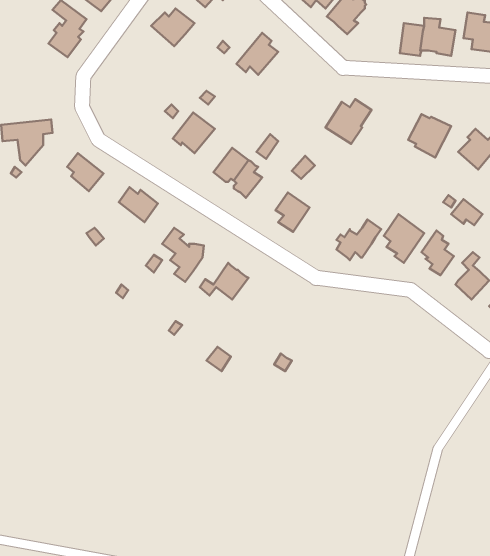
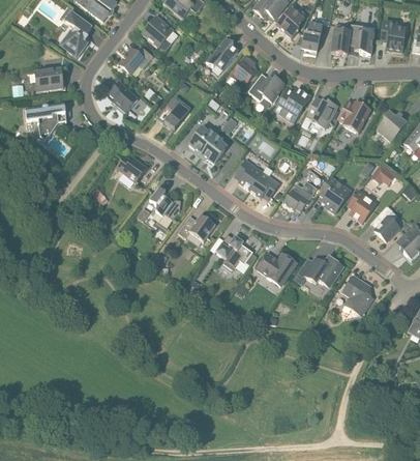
building: none -> [301,18,325,51]
building: none -> [119,45,154,73]
building: none -> [231,54,258,83]
building: none -> [36,65,66,89]
building: none -> [248,73,284,102]
building: none -> [307,96,339,127]
building: [67,153,104,191] -> [111,82,139,111]
building: none -> [250,170,280,197]
building: none -> [216,232,256,266]
building: none -> [258,252,297,279]
building: none -> [294,256,344,286]
building: none -> [342,273,373,316]

